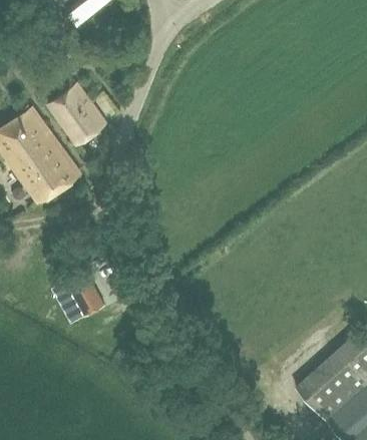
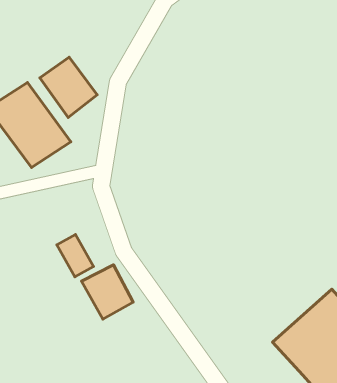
building: none -> [82,265,133,319]

